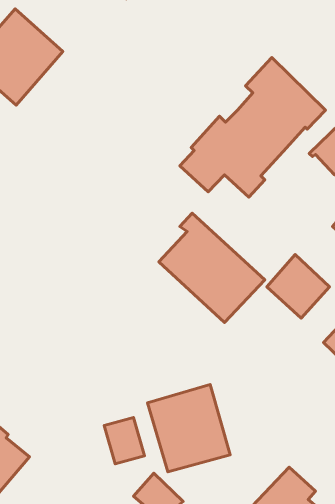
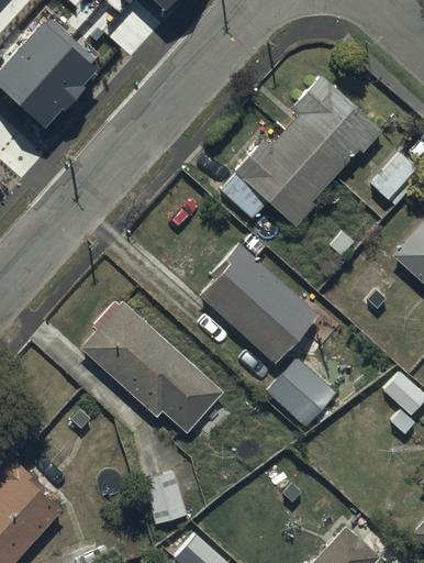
building: [267,254,329,318] -> [264,353,332,422]
building: none -> [80,297,222,428]
building: [147,385,230,472] -> none

